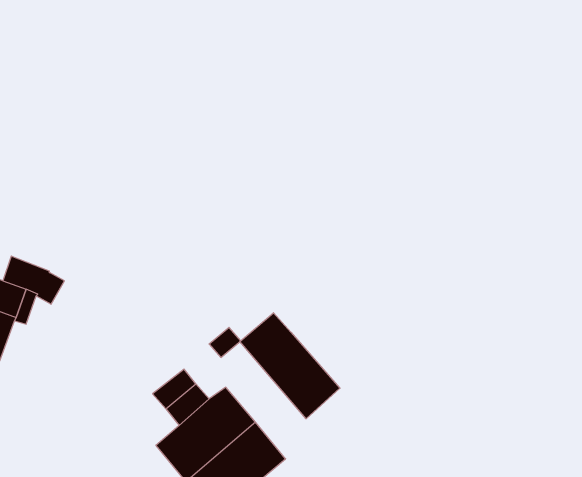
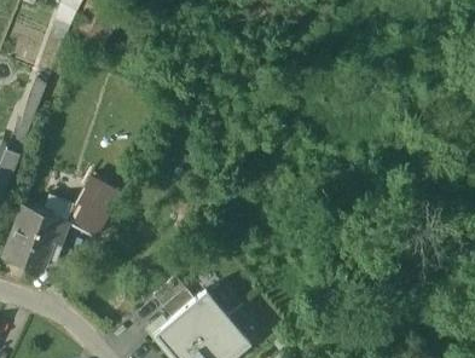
building: none -> [77,178,121,238]
building: [240,313,340,419] -> none

